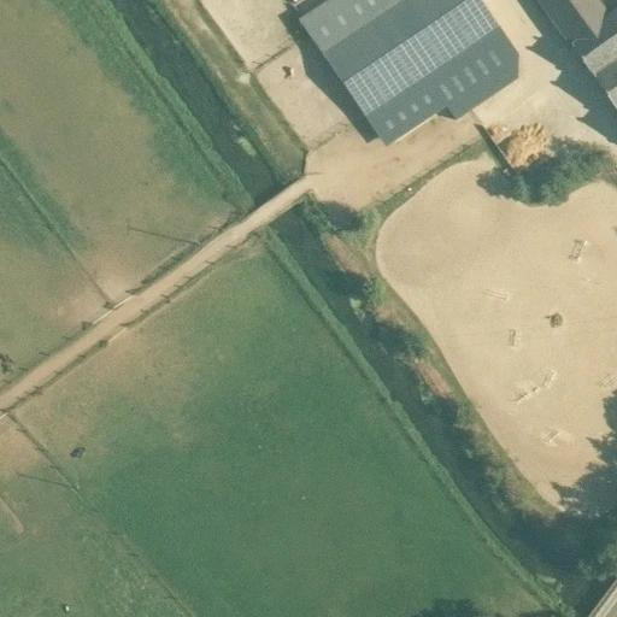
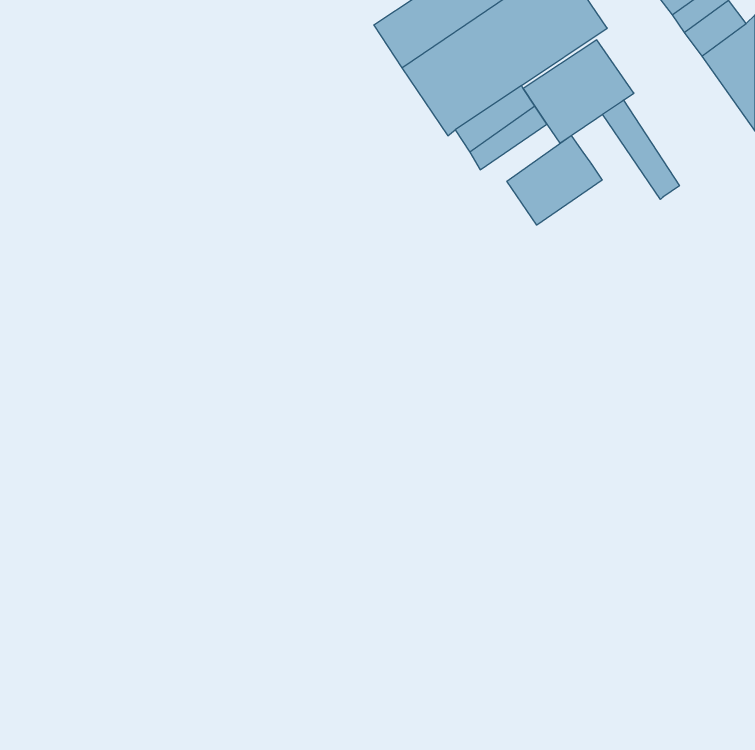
building: none -> [603,100,679,199]
building: none -> [507,136,602,225]

